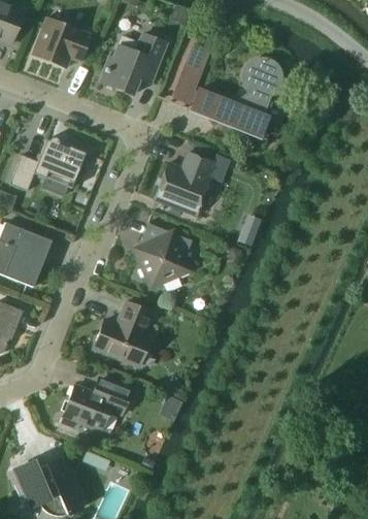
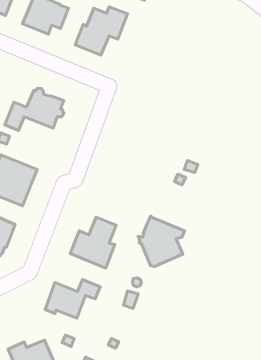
building: [171,44,280,137] -> none
building: [154,152,212,216] -> none
building: [133,222,192,286] -> [138,216,184,266]

